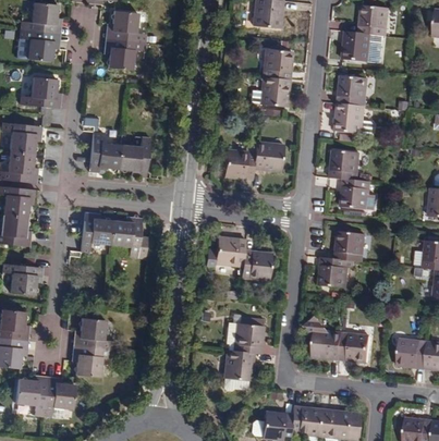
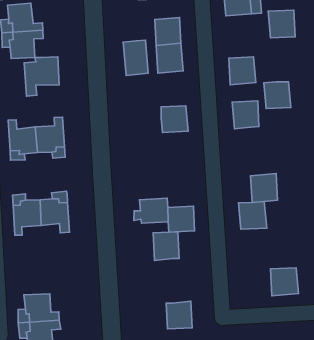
building: none -> [123,40,148,75]
building: none -> [24,57,59,96]
building: [337,75,366,107] -> [268,10,295,38]
building: [223,151,255,181] -> none
building: [341,180,369,210] -> [264,82,291,108]
building: [304,316,343,360] -> none
building: [234,321,264,353] -> [153,232,179,261]

